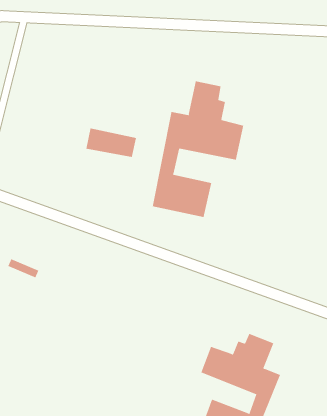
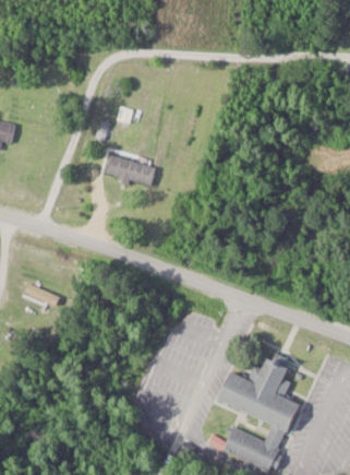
building: [152,80,244,218] -> none

